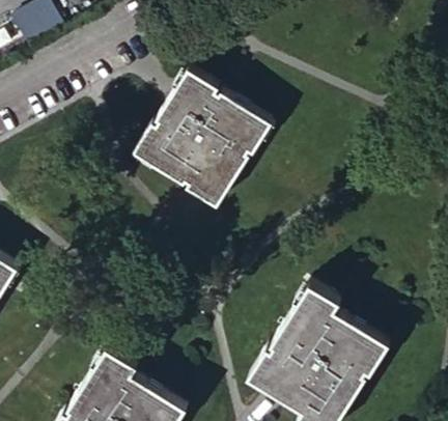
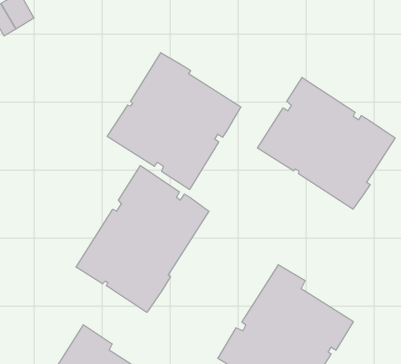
building: none -> [258,77,395,209]
building: none -> [76,166,209,312]

